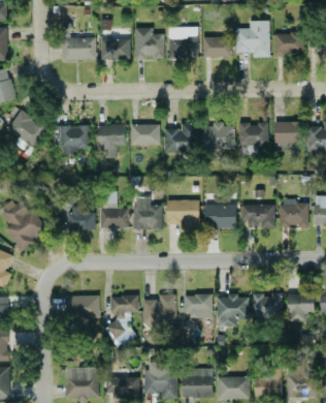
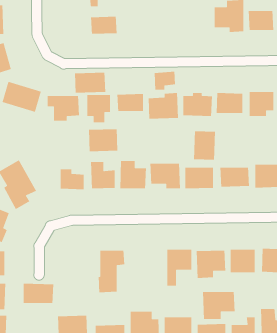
building: [168,27,198,59] -> none
building: [134,28,164,59] -> none
building: [62,37,97,61] -> [74,72,106,93]
building: [203,37,231,58] -> none
building: none -> [154,71,176,91]
building: none -> [88,128,118,152]
building: none -> [193,130,216,160]
building: [142,295,176,326] -> none
building: [66,296,100,318] -> [23,283,54,304]
building: none -> [202,291,235,320]

